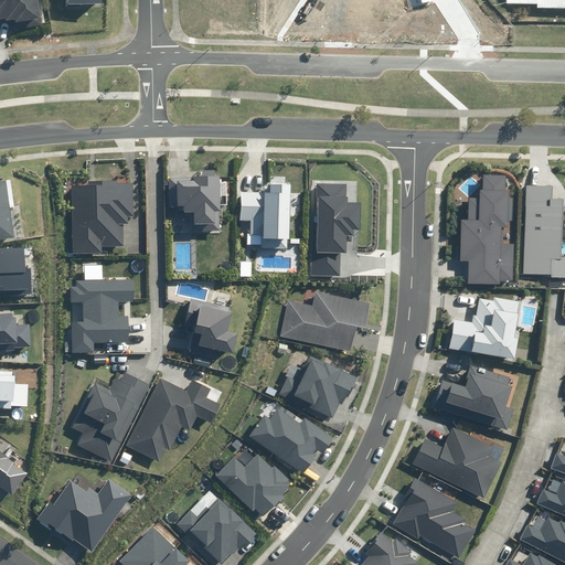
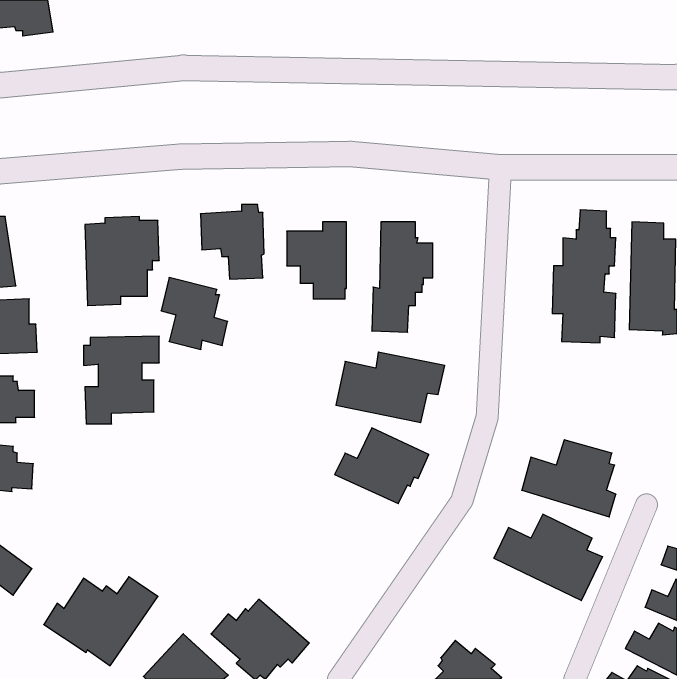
building: [182,298,237,358] -> [161,278,228,349]
building: [448,298,518,359] -> none
building: [72,373,149,461] -> none
building: [125,379,220,462] -> none
building: [248,408,333,473] -> none
building: [215,454,291,516] -> none
building: [392,477,475,558] -> none

